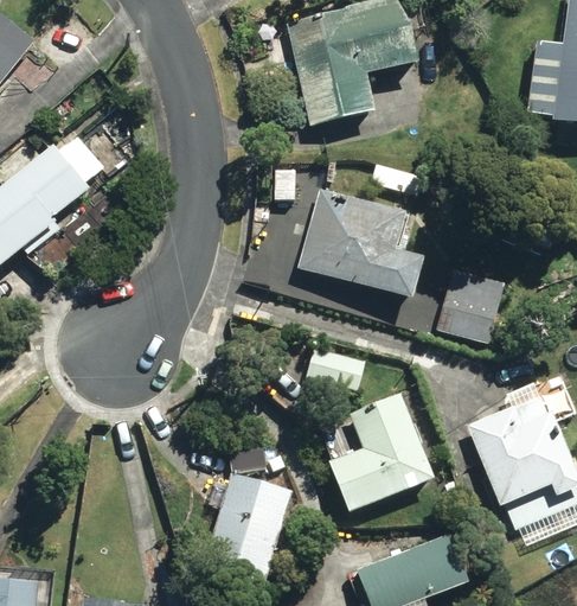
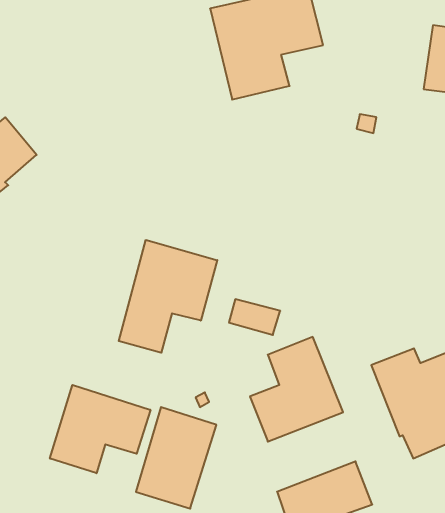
building: [299,191,424,298] -> none
building: [437,273,505,344] -> none
building: none -> [119,240,217,353]
building: none -> [50,385,150,473]

